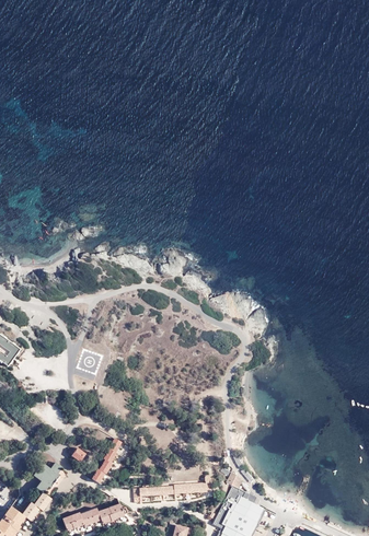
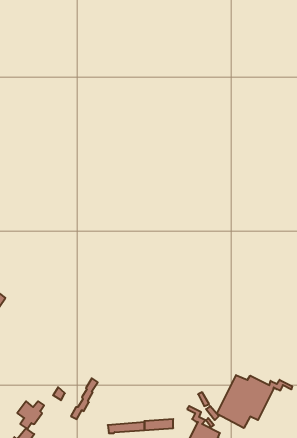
building: none -> [217,375,292,428]

